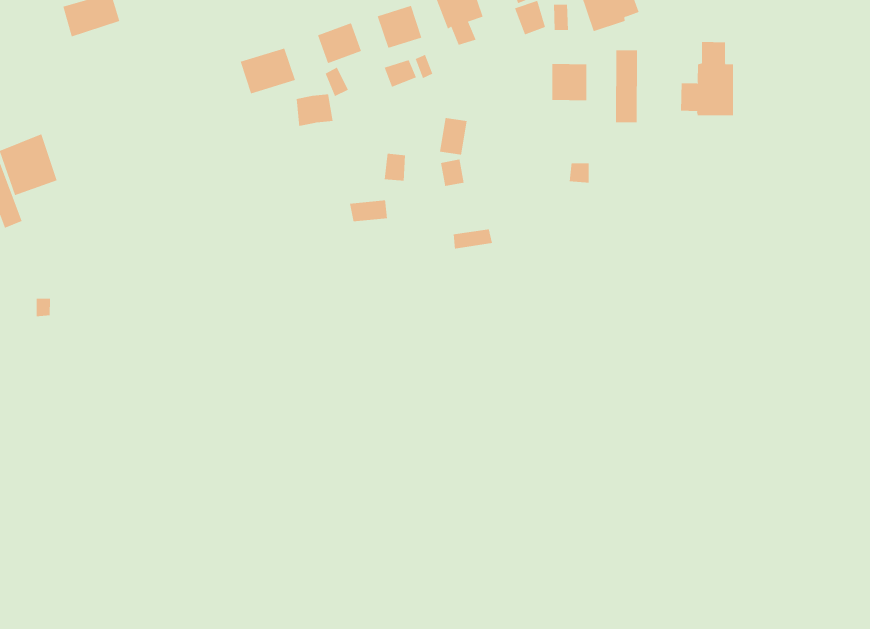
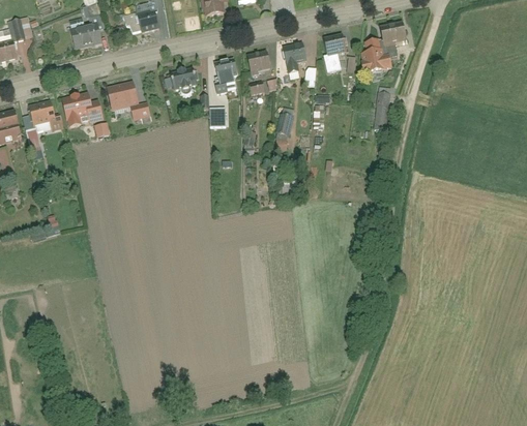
building: [681,41,734,116] -> none
building: [552,63,587,101] -> none
building: none -> [107,83,151,120]
building: none -> [63,92,101,127]

